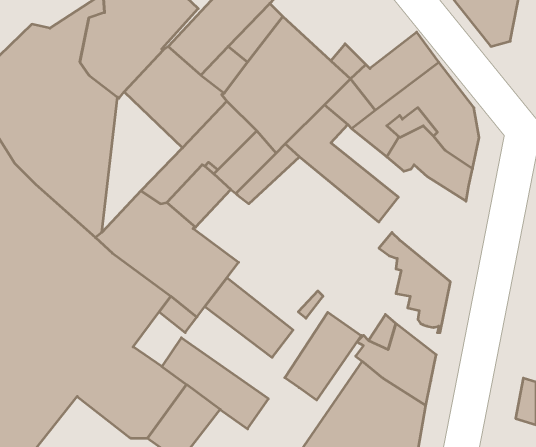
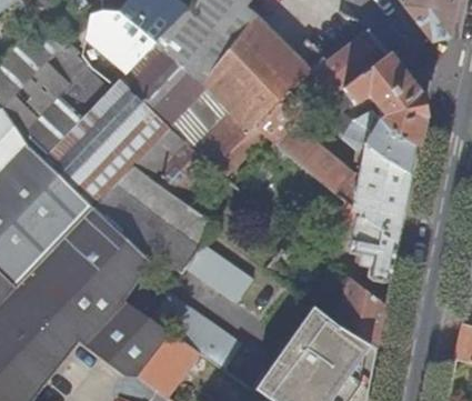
building: none -> [99,80,168,200]
building: none -> [353,142,410,242]
building: [285,312,361,400] -> none

